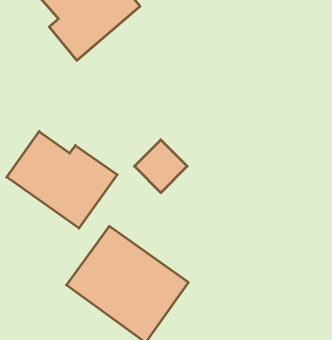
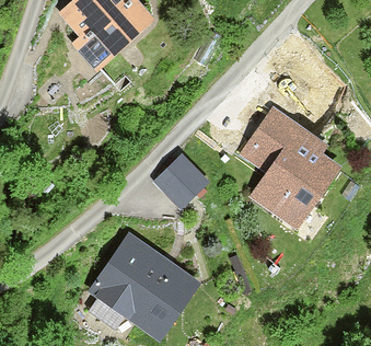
building: none -> [241,105,336,220]
building: [7,131,117,228] -> none

